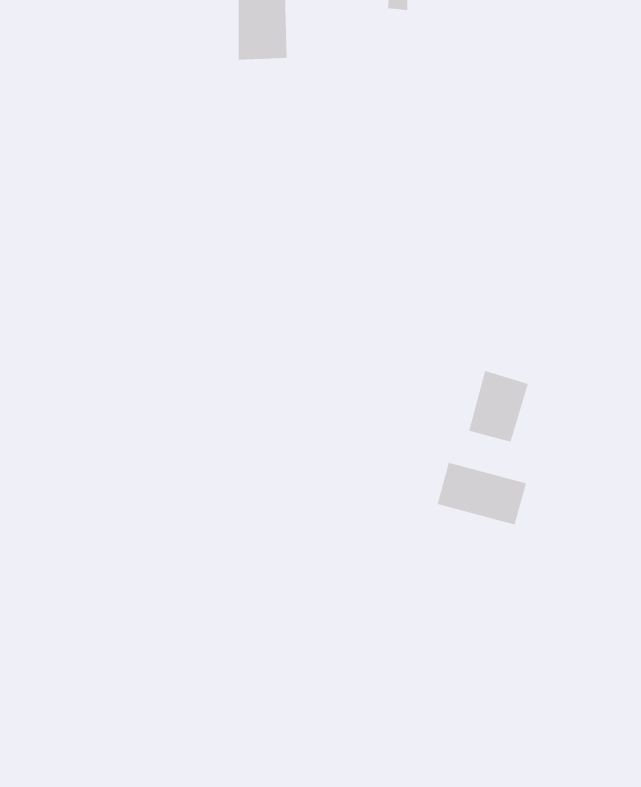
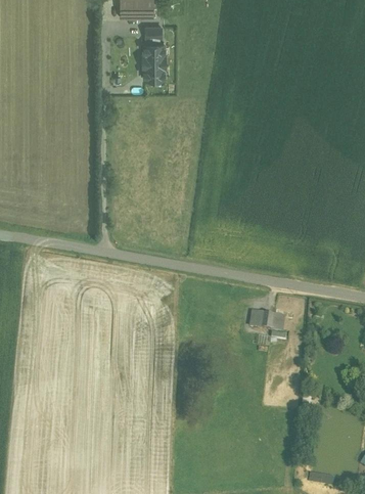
building: [469,370,529,442] -> none

